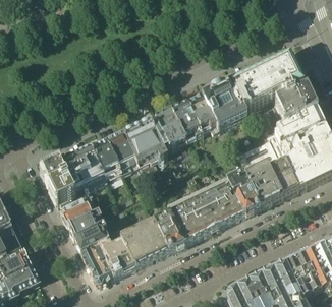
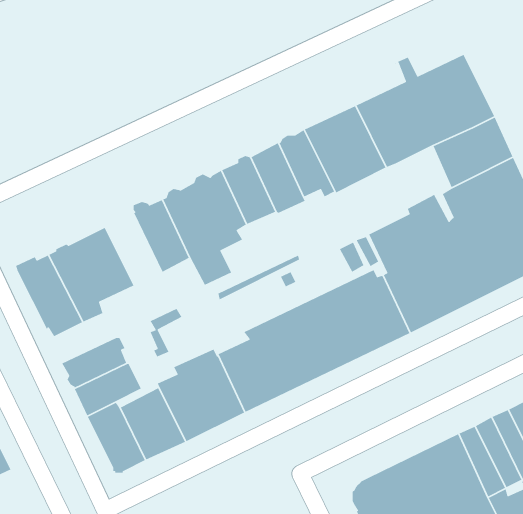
building: [91,139,122,180] -> none
building: [60,195,97,223] -> none

